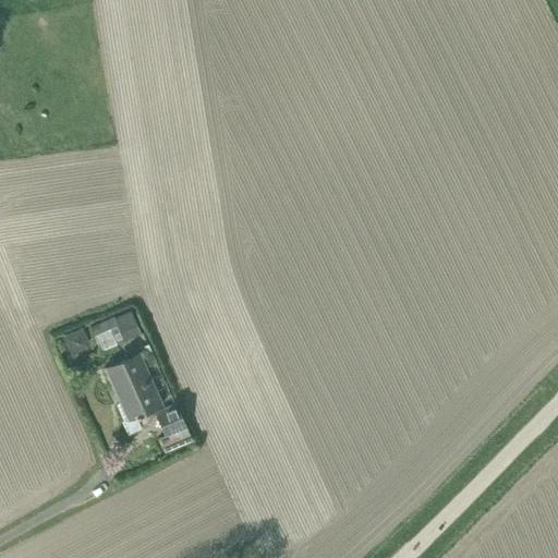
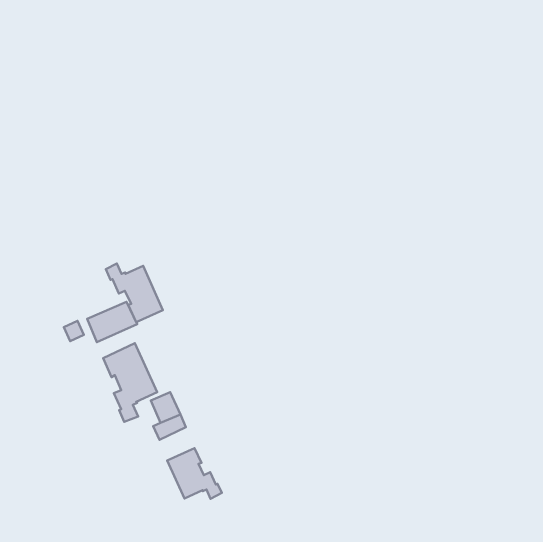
building: none -> [106,263,163,322]
building: none -> [167,448,222,499]

